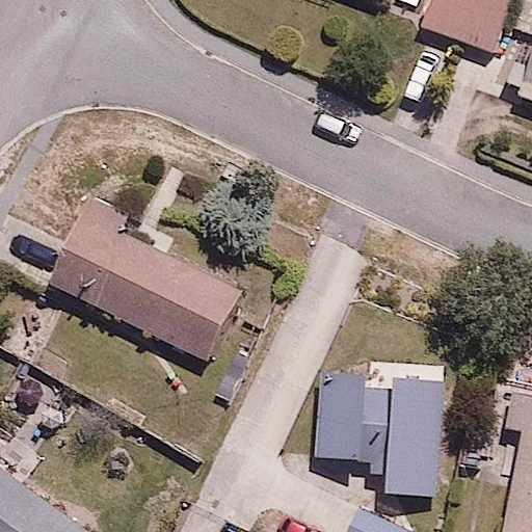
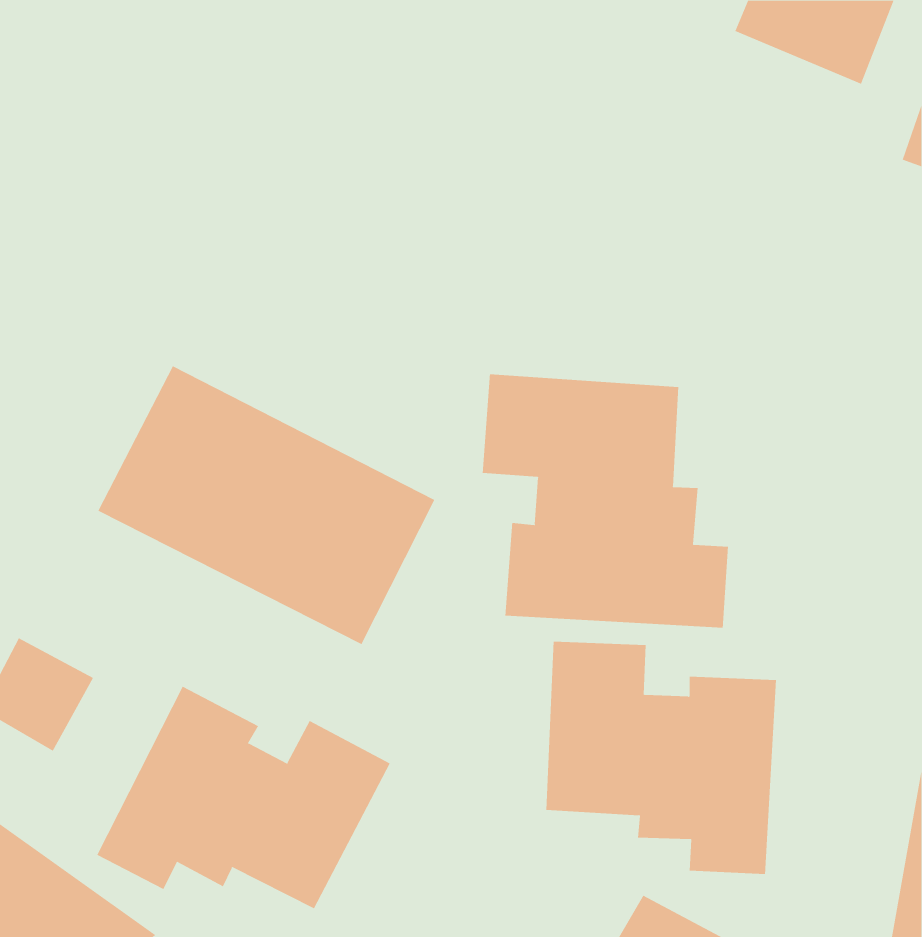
building: none -> [482,373,729,628]
building: none -> [97,686,391,909]

